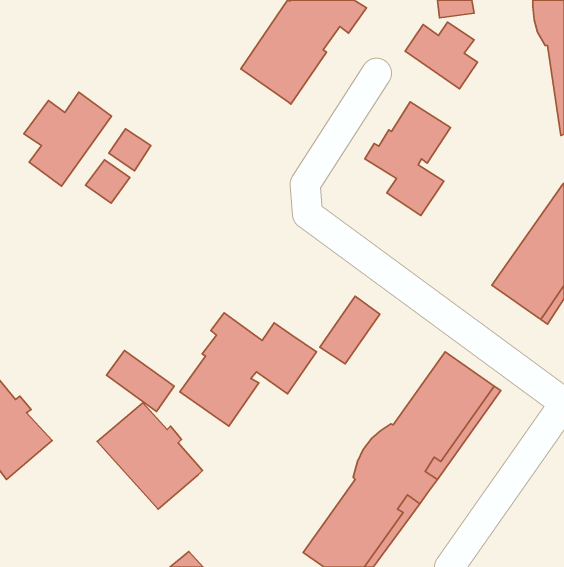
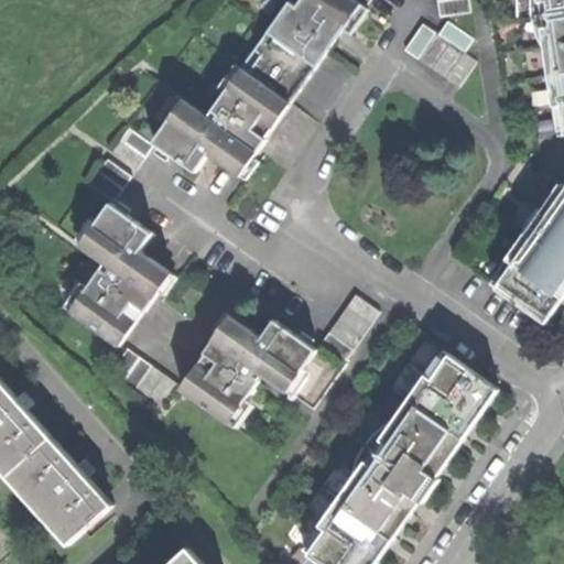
building: none -> [152,68,286,180]
building: [24,92,111,186] -> none
building: [365,102,450,216] -> none
building: none -> [69,204,174,345]
building: [97,403,203,509] -> [7,437,111,543]

